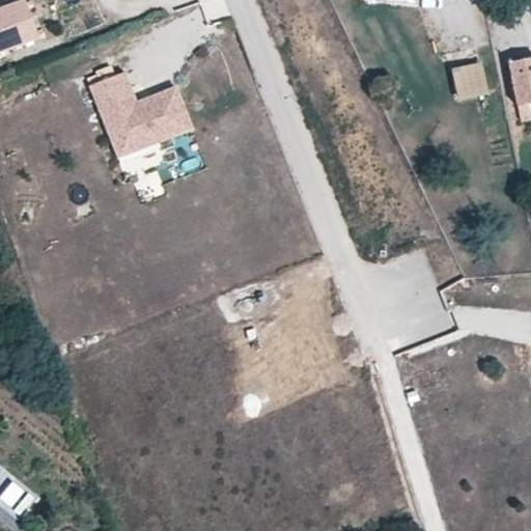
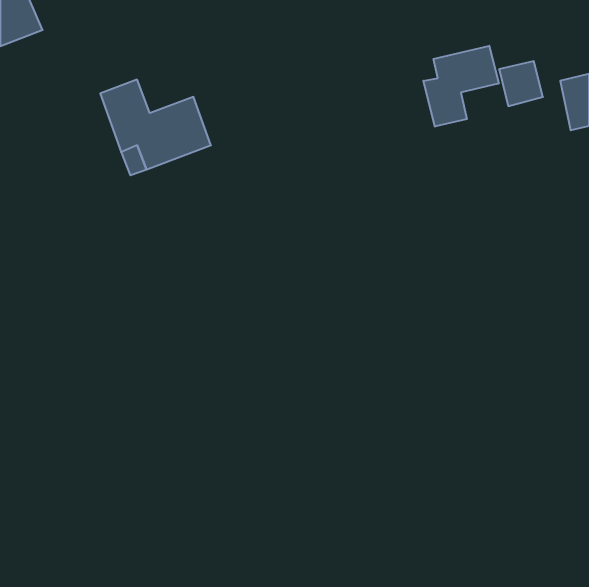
building: none -> [423,46,499,127]

